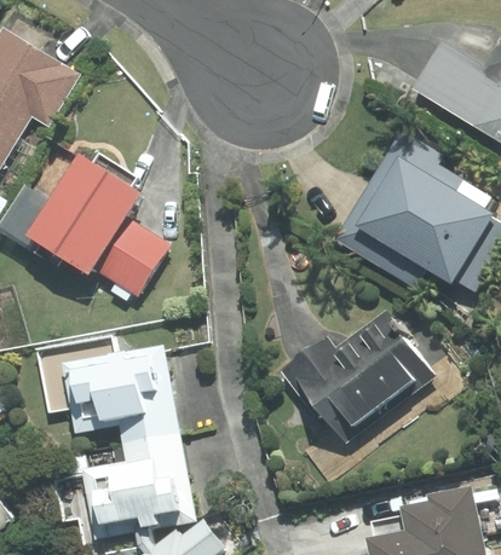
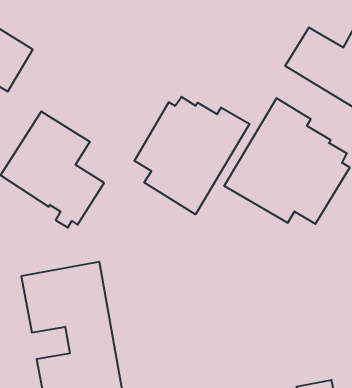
building: none -> [134,97,250,214]
building: [271,313,426,450] -> none

